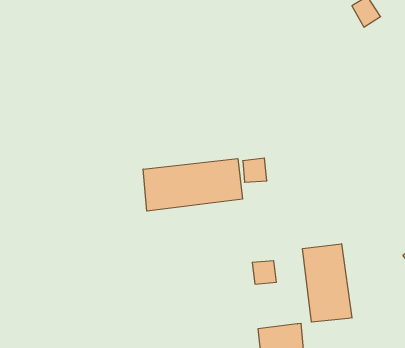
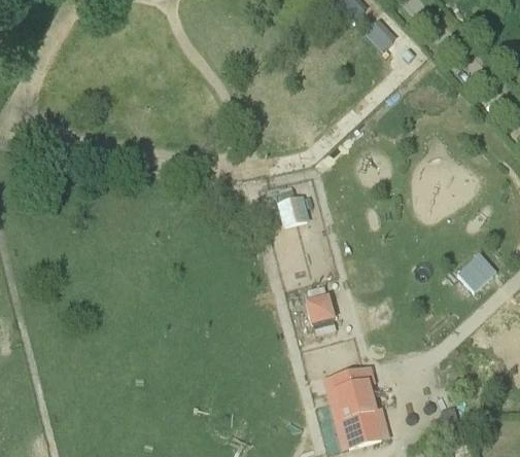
building: [143,159,242,211] -> none
building: [303,244,352,322] -> none

